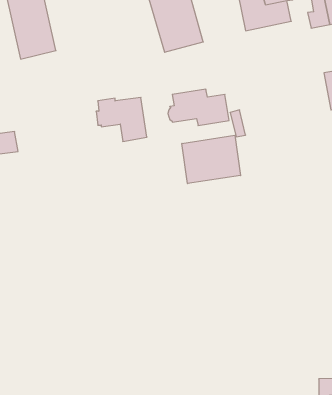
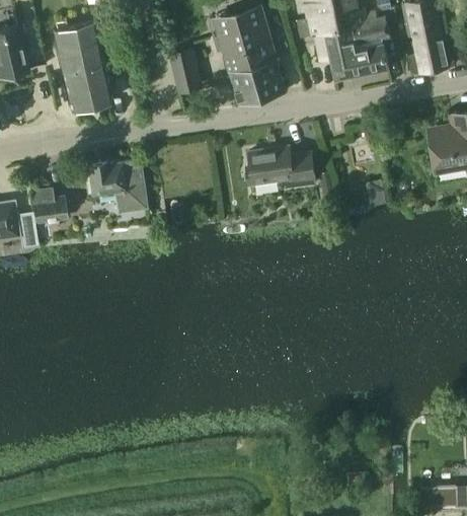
building: none -> [168,47,204,93]
building: [96,97,147,141] -> [86,161,146,213]
building: [182,135,241,184] -> none

